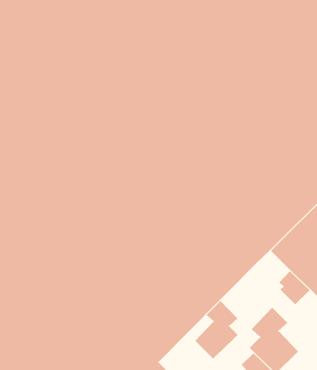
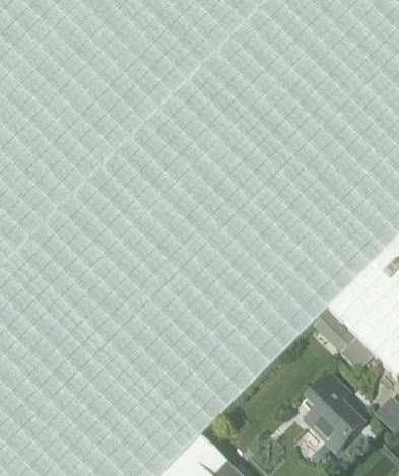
building: [195,300,239,360] -> none

